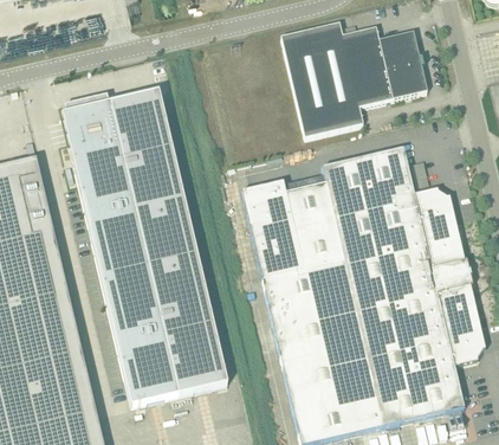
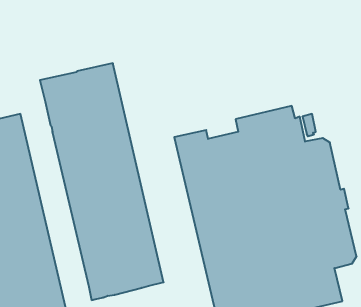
building: [280,21,427,136] -> none

